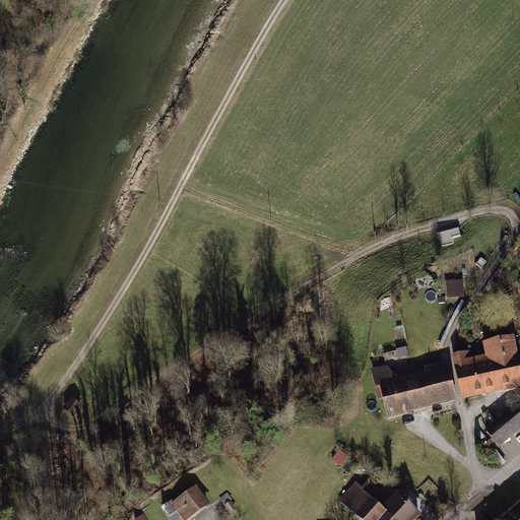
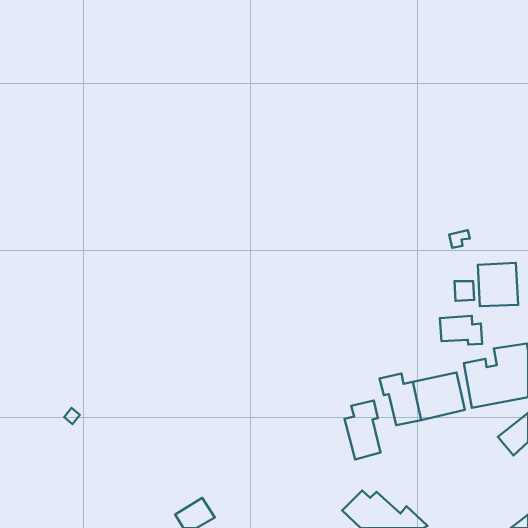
building: none -> [478,263,518,306]
building: none -> [440,316,482,345]
building: none -> [345,400,381,459]

